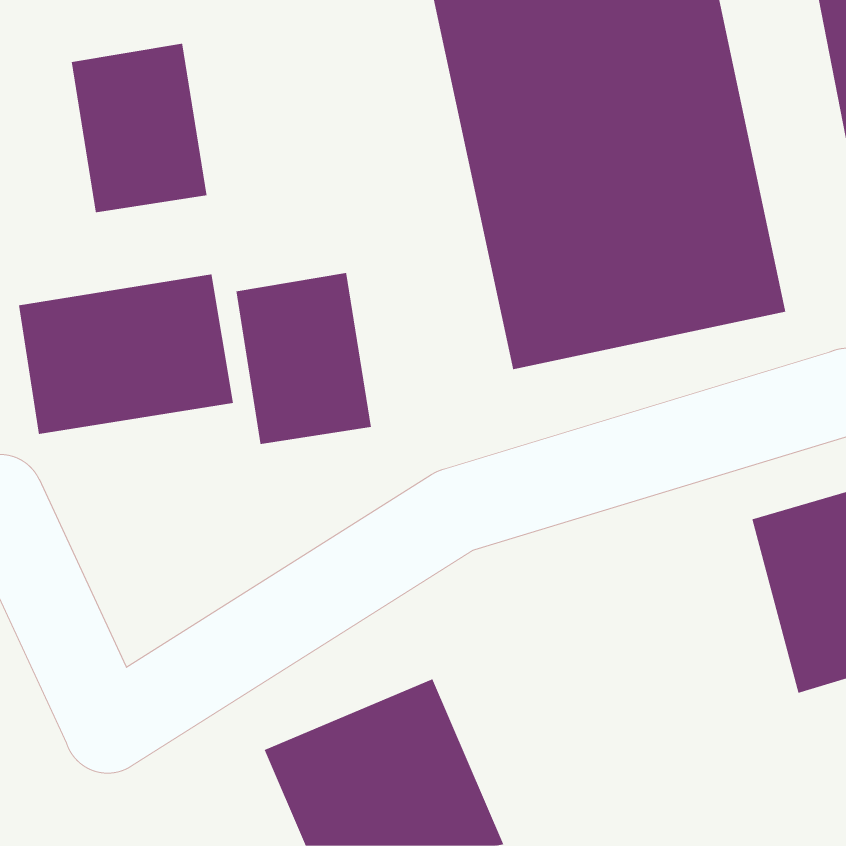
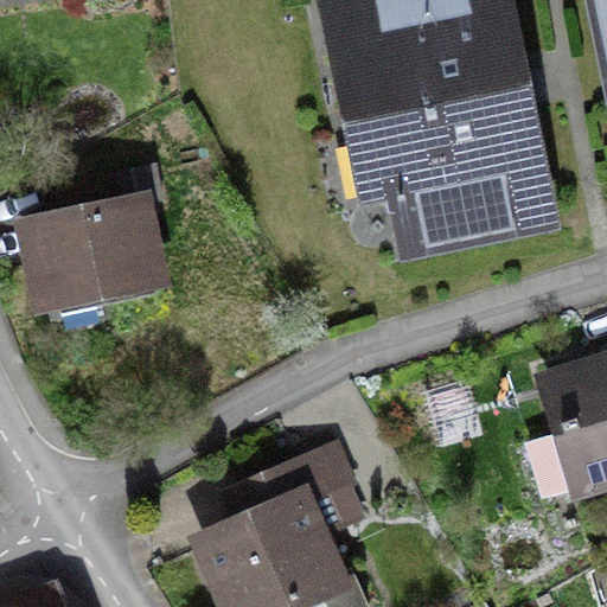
building: [71,43,207,213] -> none
building: [236,272,371,445] -> none

